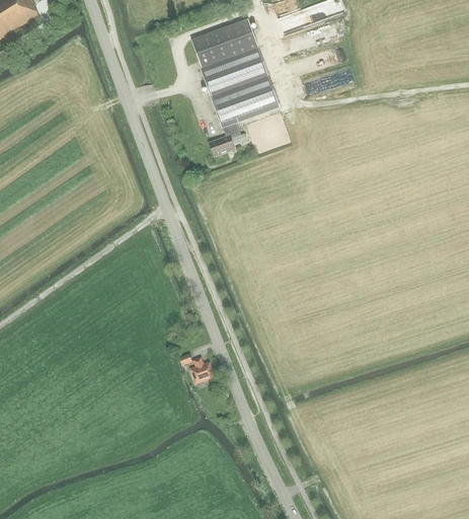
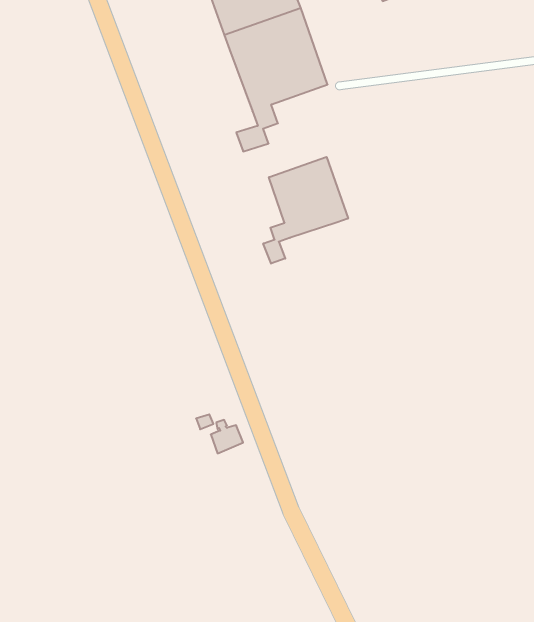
building: none -> [263,157,348,264]

